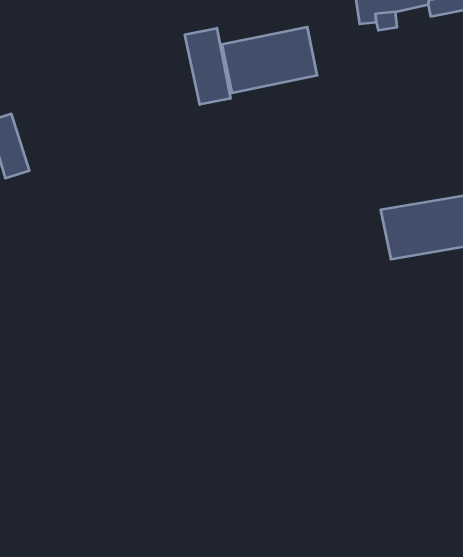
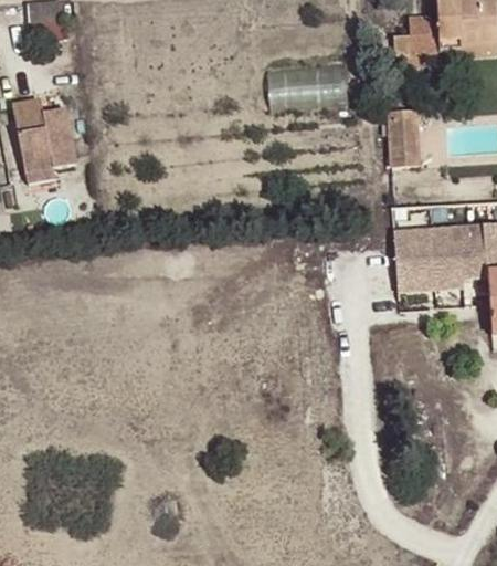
building: [185,28,230,105] -> none
building: none -> [390,109,417,164]

